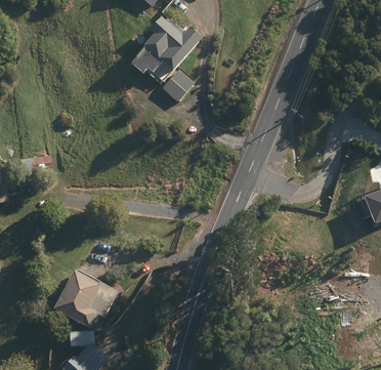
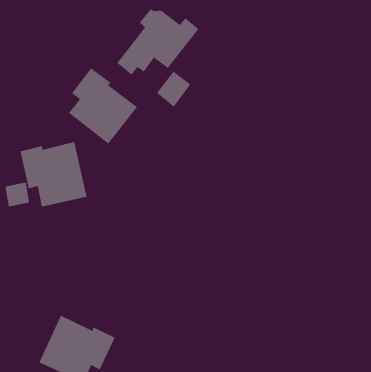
building: none -> [68,67,138,145]
building: none -> [20,141,87,207]

